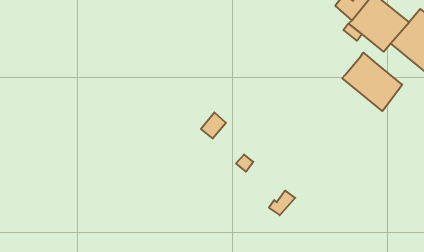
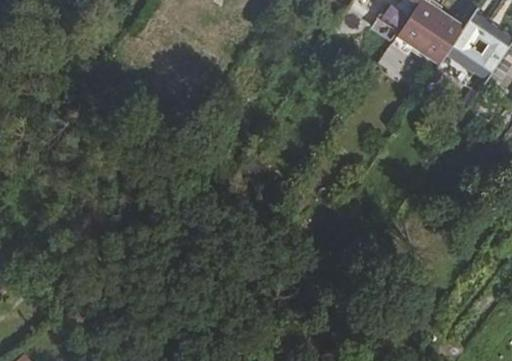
building: [342,53,402,111] -> none

